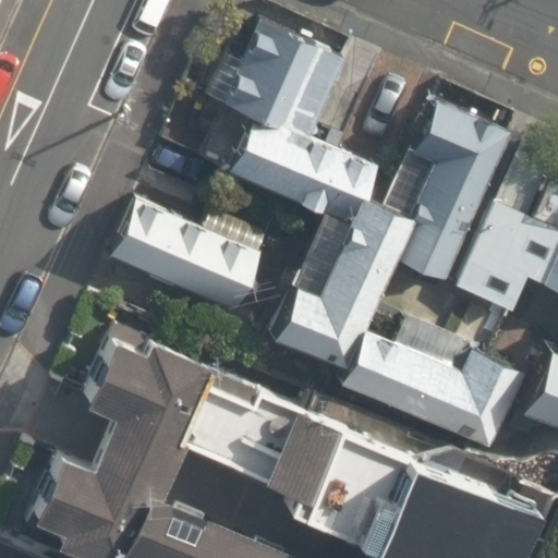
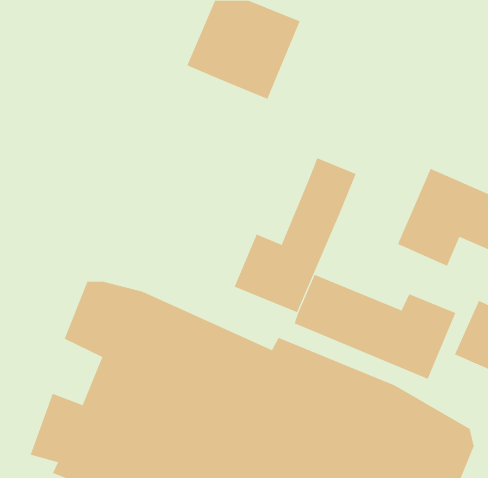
building: [391,92,509,278] -> none
building: [227,107,379,220] -> none
building: [111,199,263,314] -> none

